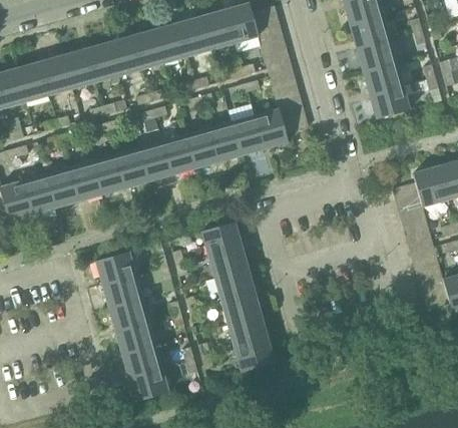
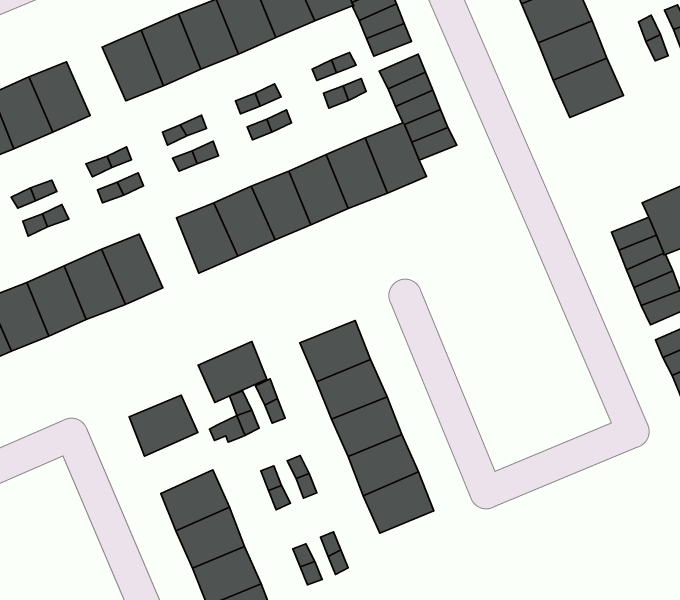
building: [85,43,117,82] -> none
building: [115,148,147,188] -> none
building: [102,276,141,309] -> [198,341,267,403]
building: [235,339,275,372] -> none

